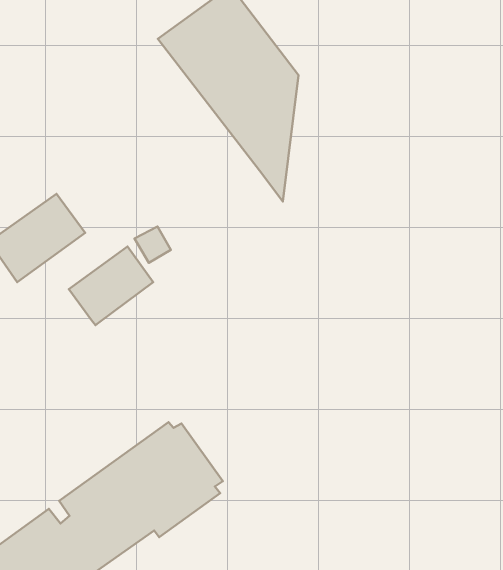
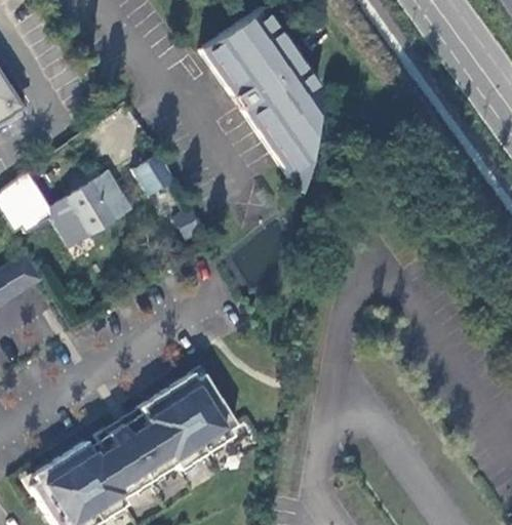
building: none -> [132,154,172,194]
building: [69,247,153,325] -> none

